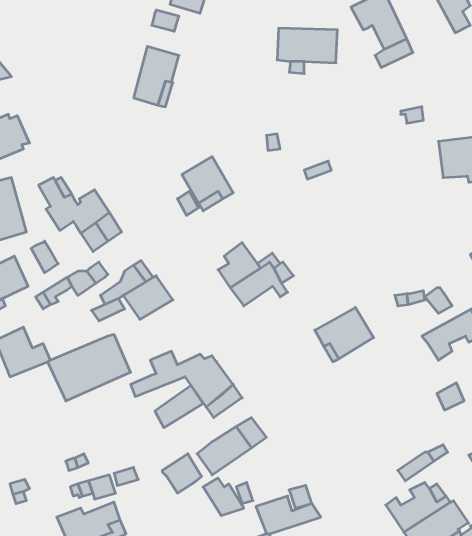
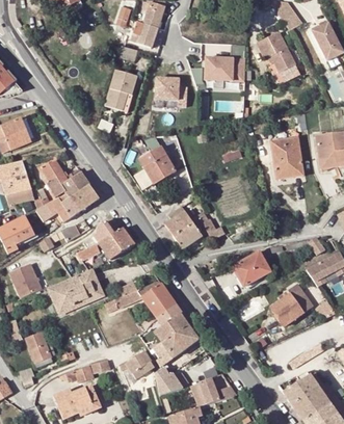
building: none -> [156,78,188,106]
building: none -> [271,137,303,177]
building: none -> [48,193,78,221]
building: none -> [270,283,313,326]
building: [155,386,203,428] -> [154,313,187,342]
building: none -> [26,332,55,361]

